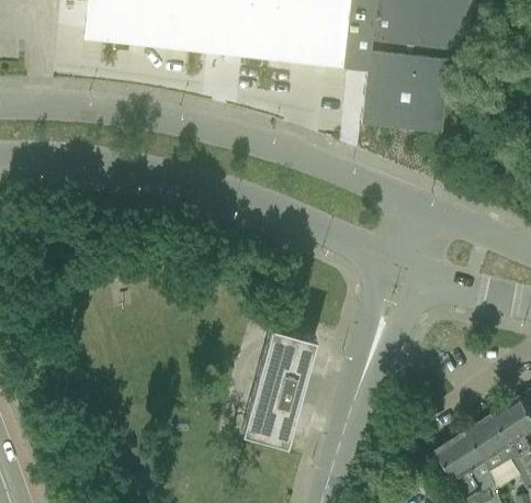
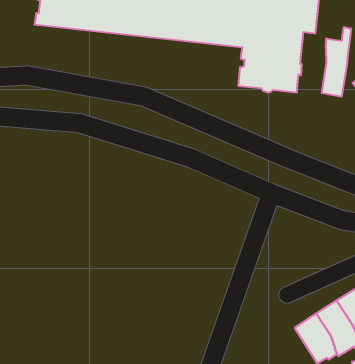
building: none -> [322,27,351,97]
building: [240,325,315,444] -> none

